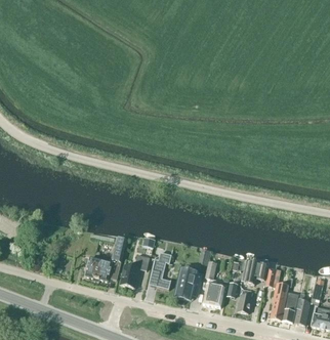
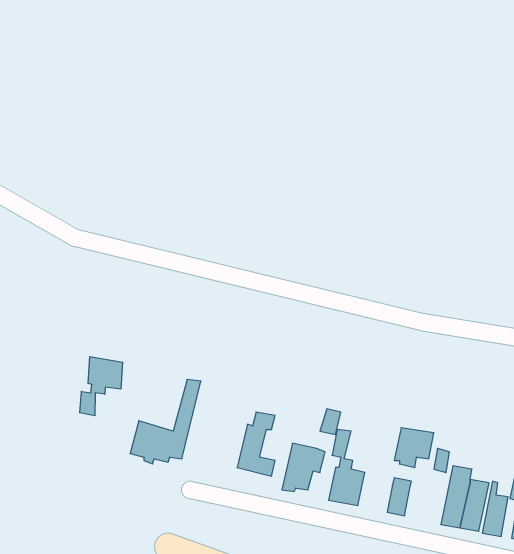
building: none -> [80,357,123,416]
building: [120,254,150,287] -> none

